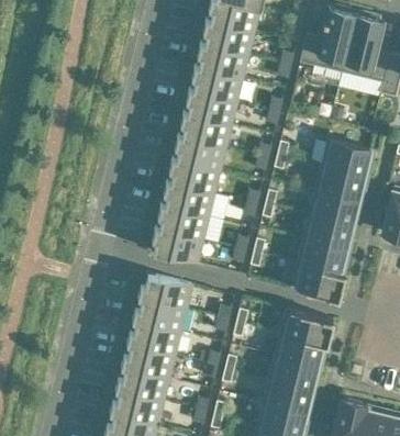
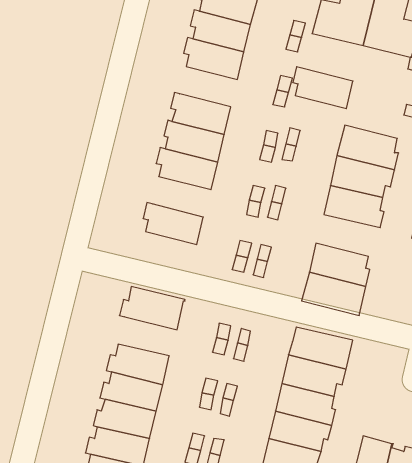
building: [186,89,236,124] -> [293,67,353,109]
building: [163,181,214,216] -> none
building: [302,214,356,249] -> none
building: [152,227,202,264] -> none
building: [132,300,186,333] -> none

